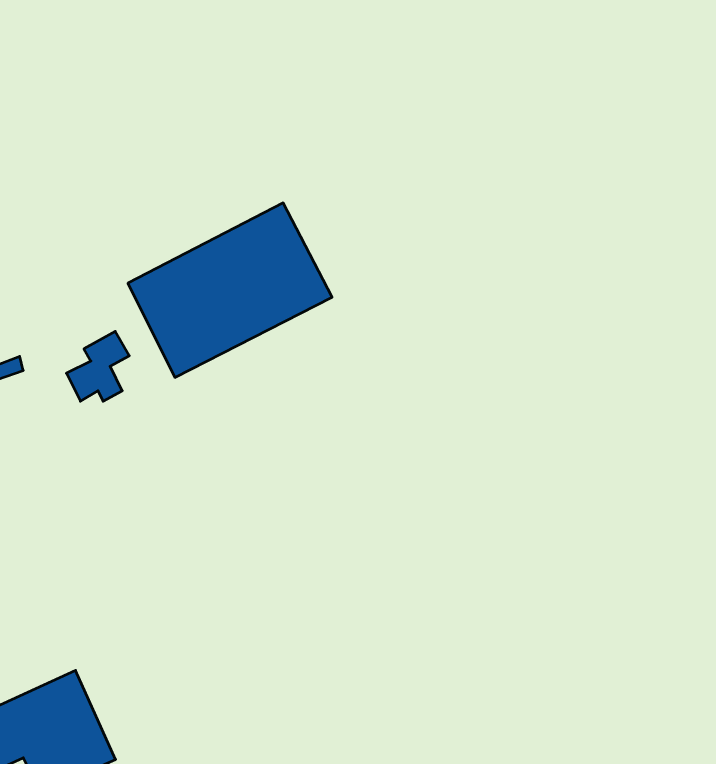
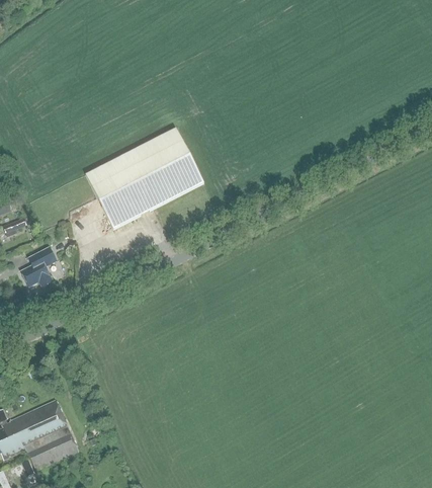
building: [66,331,129,401] -> [19,247,56,288]

